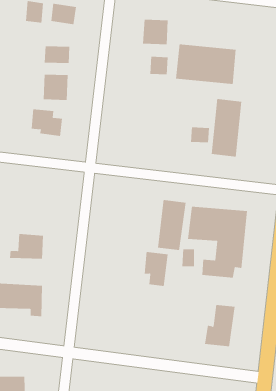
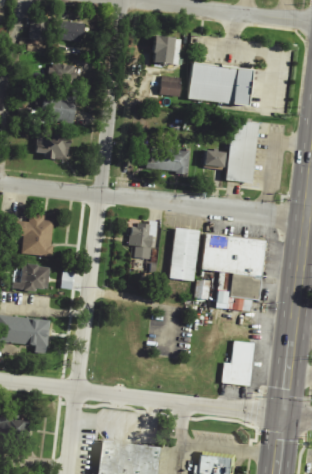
building: none -> [148,148,190,173]
building: none -> [11,215,56,258]
building: [144,251,168,286] -> [130,223,156,260]

